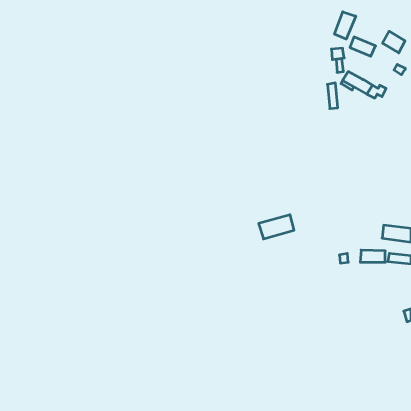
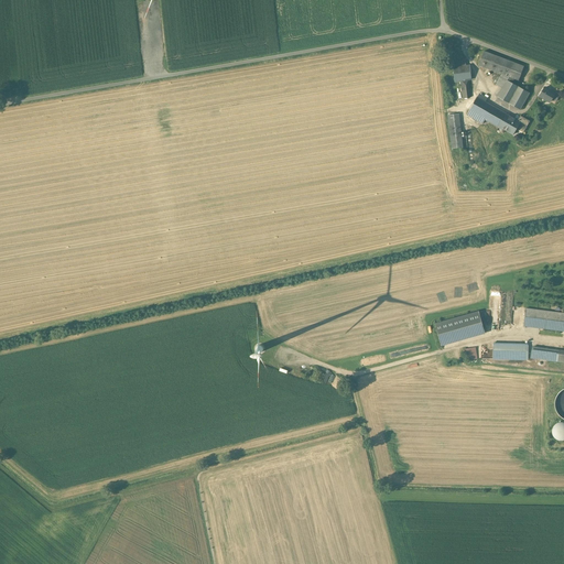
building: [335,12,356,39] -> none
building: [383,31,405,53] -> [498,80,529,110]
building: [259,215,294,239] -> [435,312,484,345]

